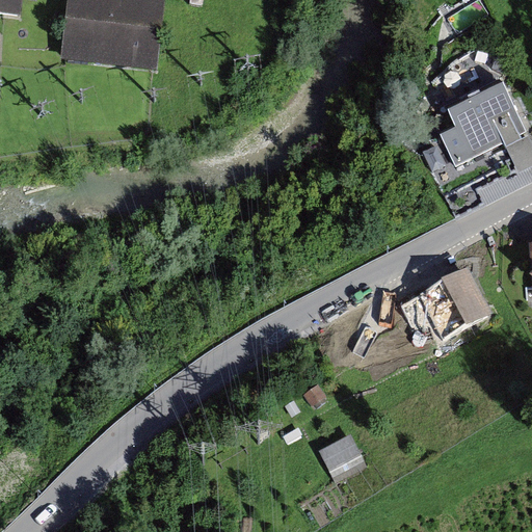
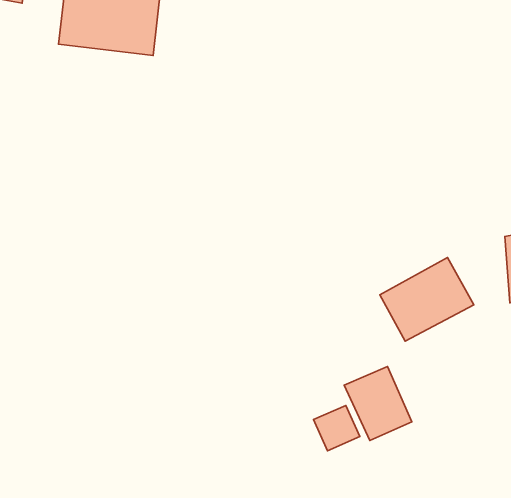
building: [427,85,526,175] -> none
building: none -> [344,366,412,441]

